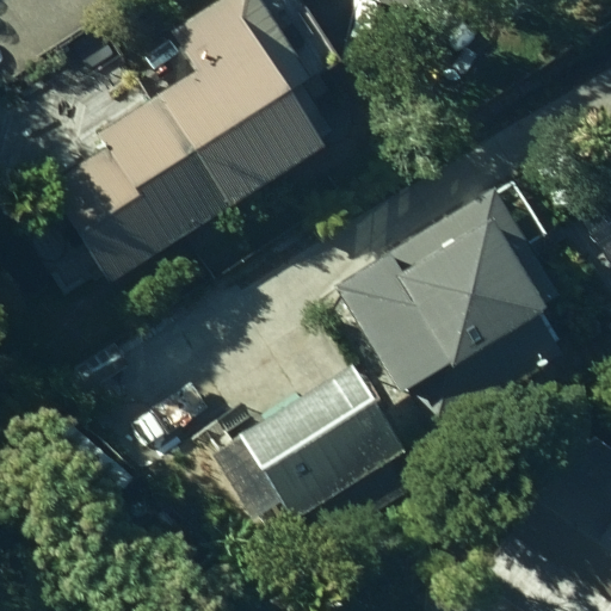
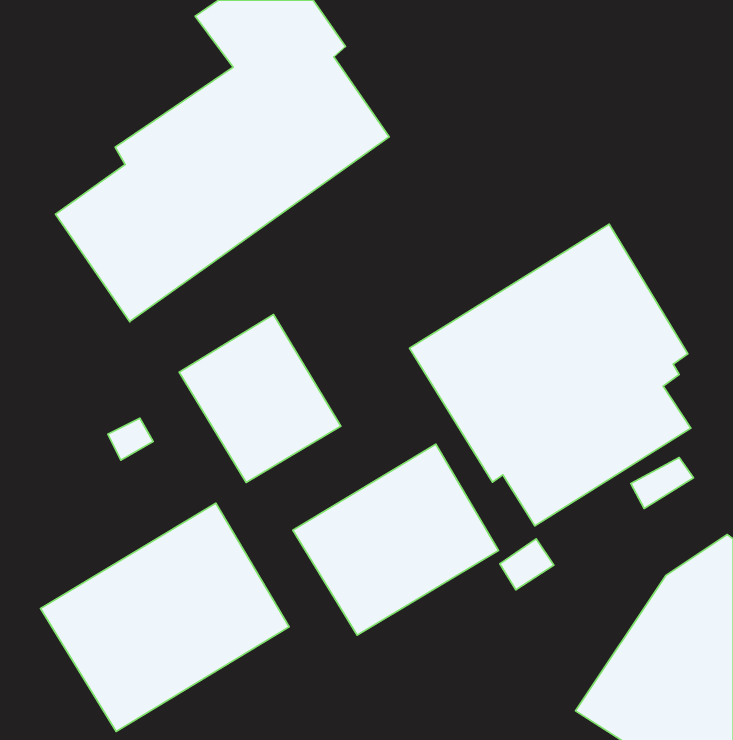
building: none -> [179,315,341,482]
building: none -> [41,503,289,732]

